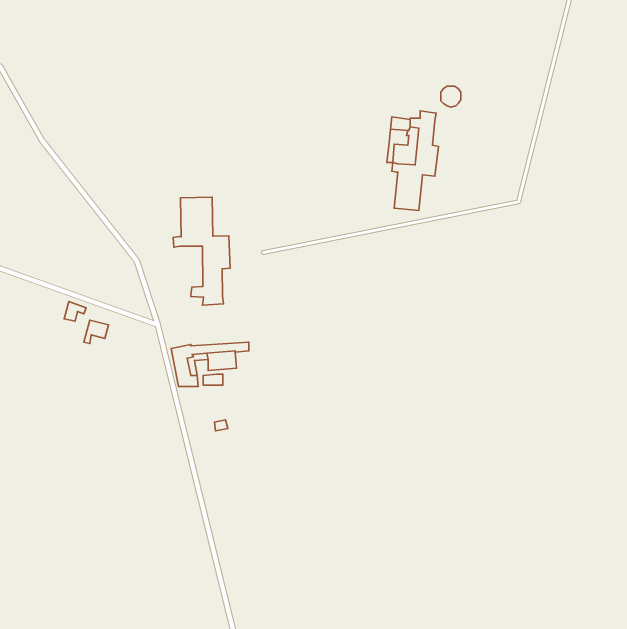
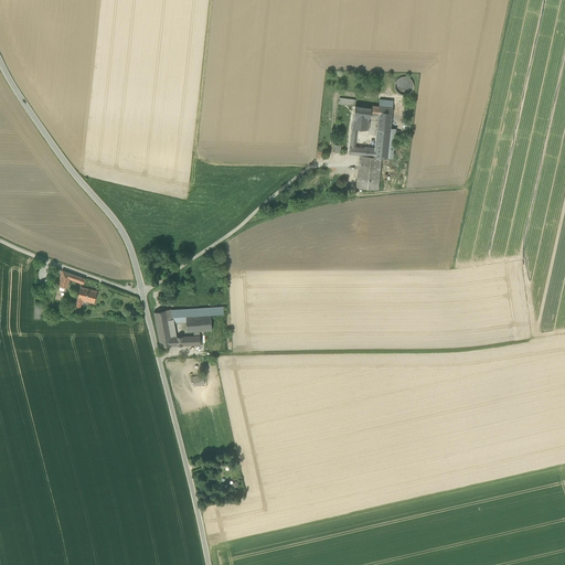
building: [173,197,230,305] -> none

